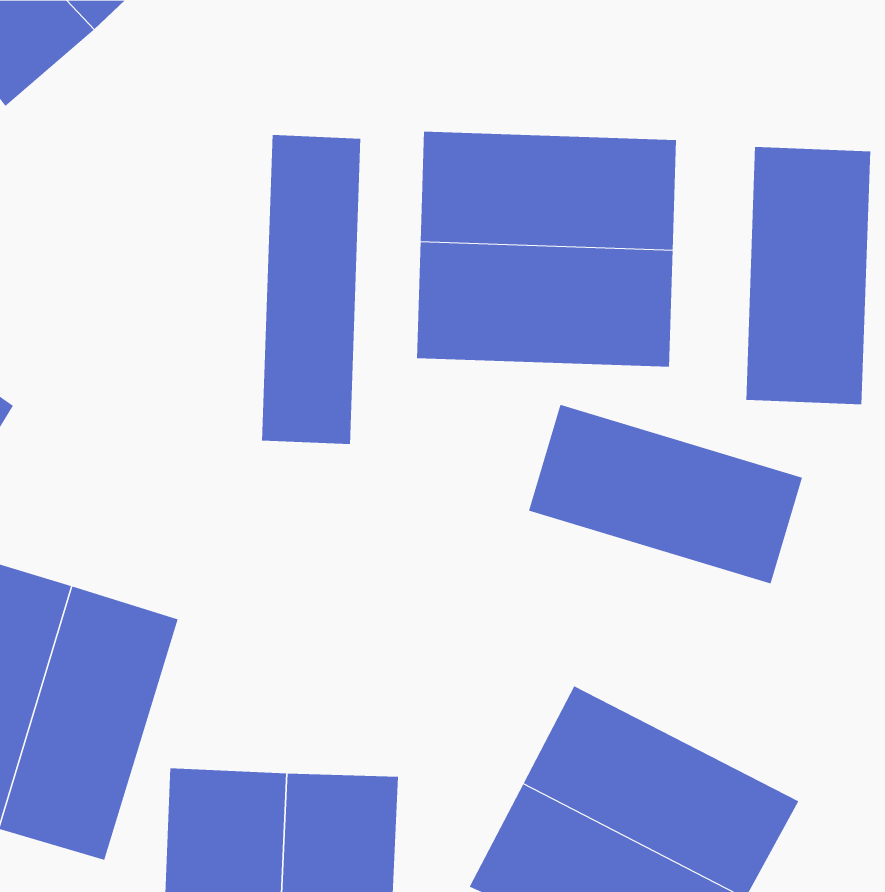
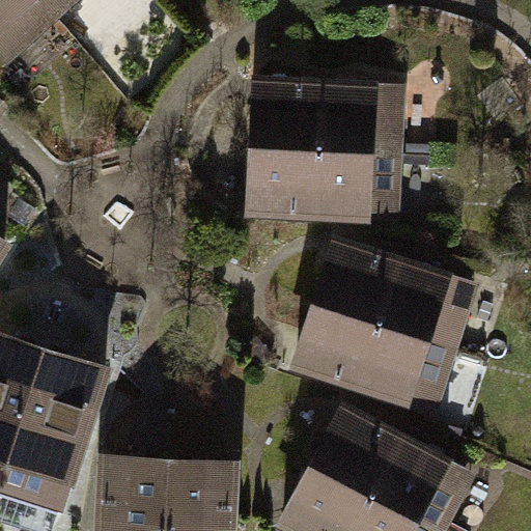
building: [261,134,361,445] -> none
building: [746,146,871,405] -> none
building: none -> [294,304,457,414]

